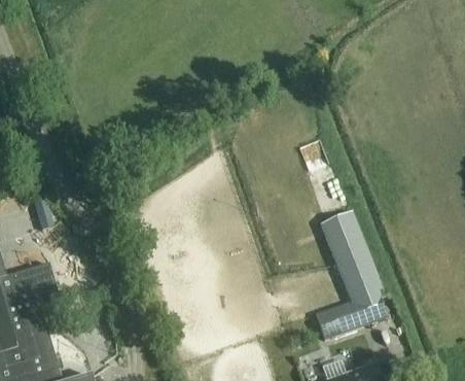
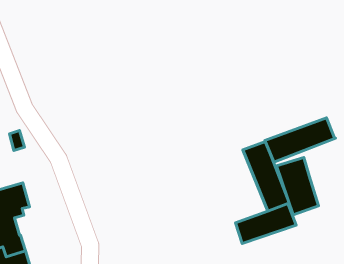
building: none -> [265,118,335,162]
building: none -> [277,157,319,215]

